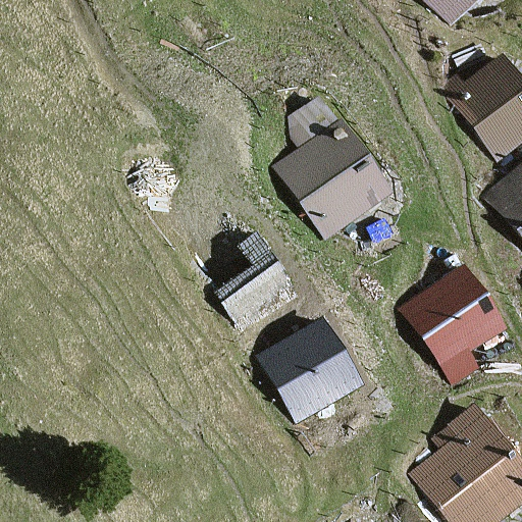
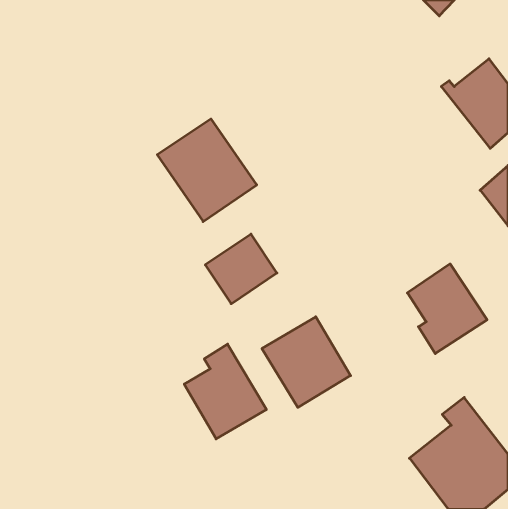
building: [280,136,382,241] -> [157,119,257,222]
building: none -> [184,344,266,439]

